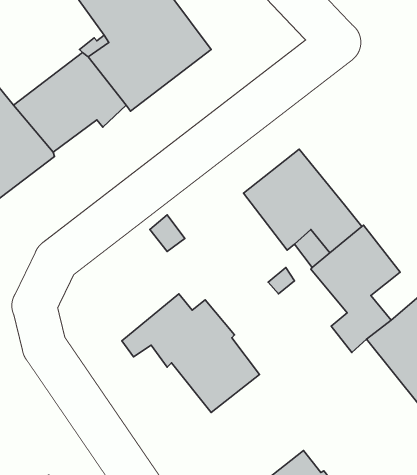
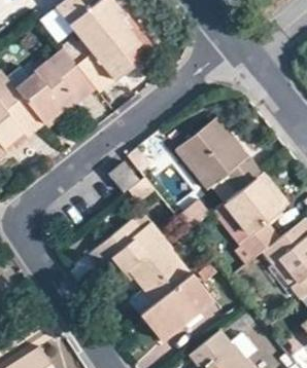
building: none -> [140,274,210,342]

